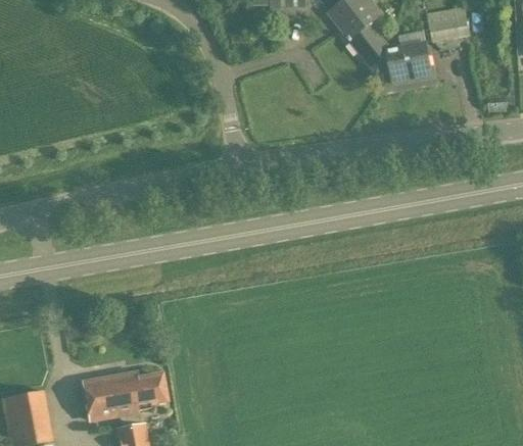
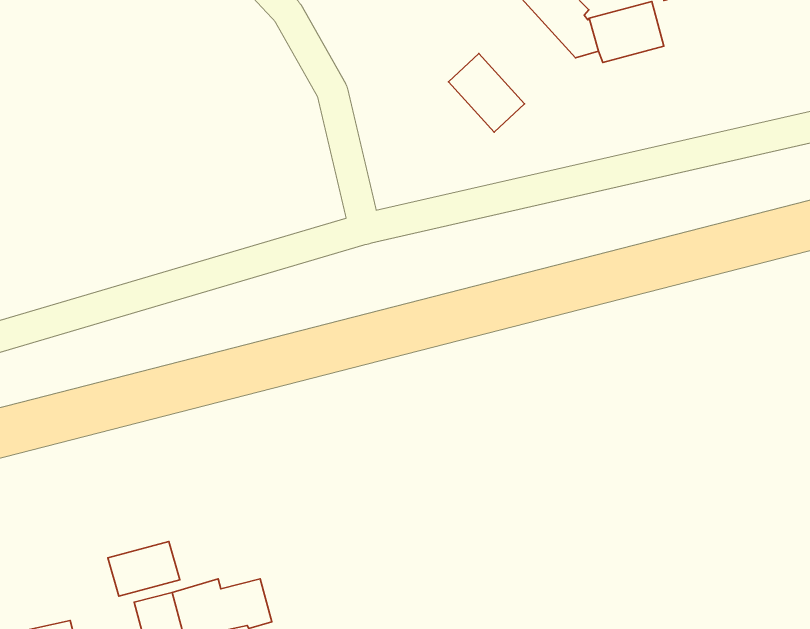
building: none -> [449,54,524,132]
building: none -> [108,541,180,596]

